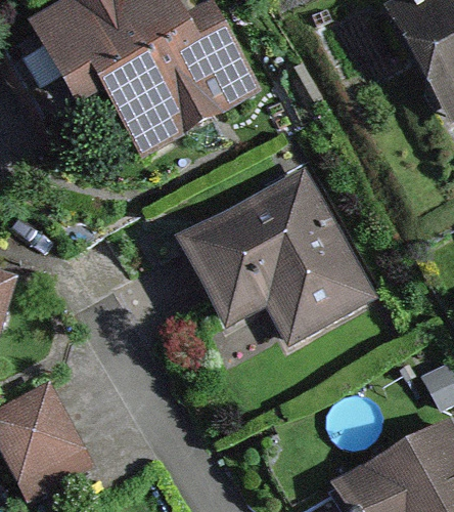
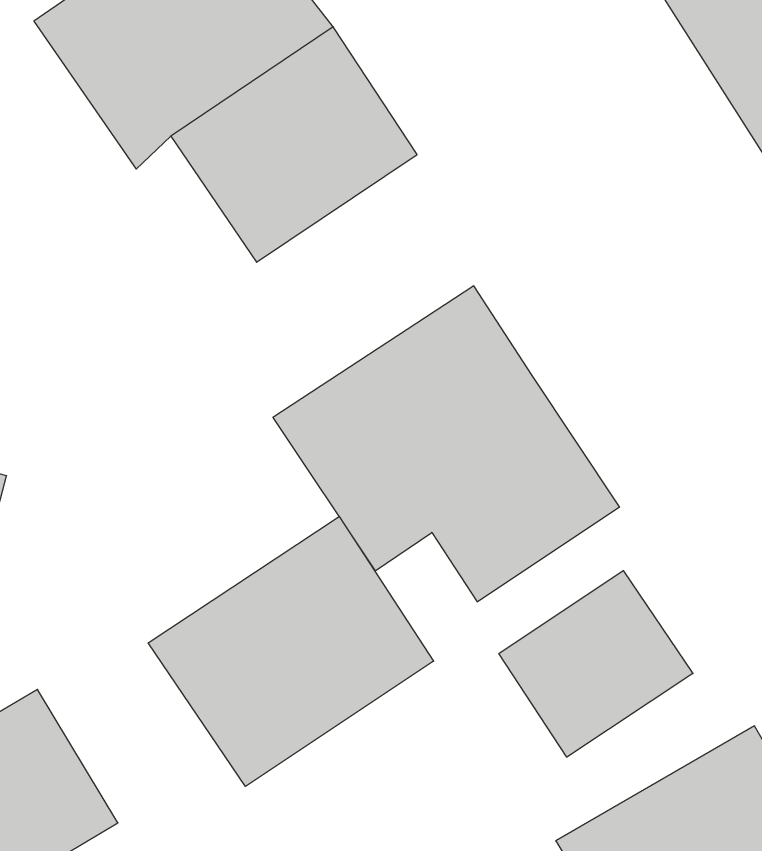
building: none -> [148,517,434,786]
building: none -> [499,571,693,757]

